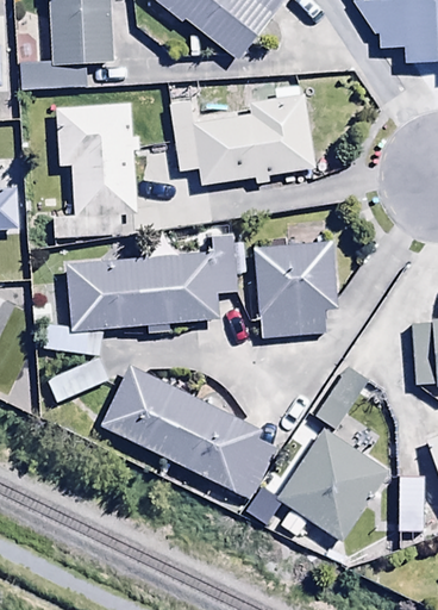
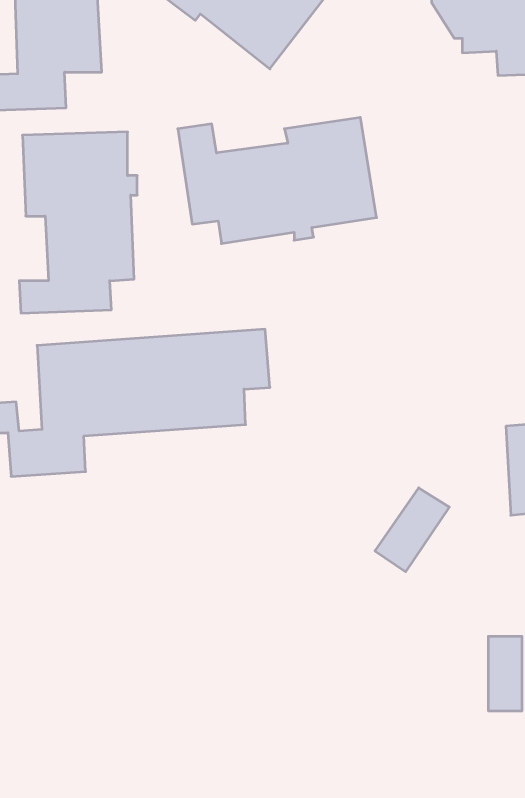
building: [255,225,337,336] -> none
building: [100,363,276,498] -> none
building: [277,427,388,543] -> none

